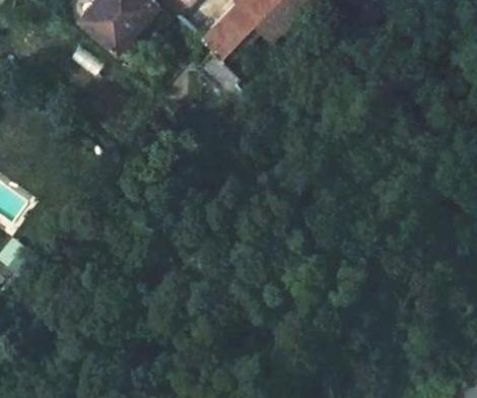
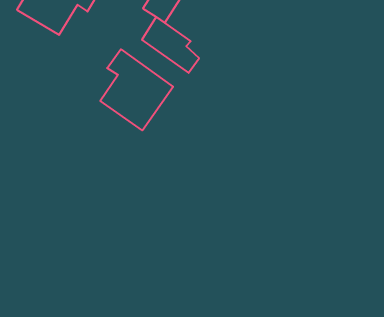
building: none -> [100,49,173,130]

